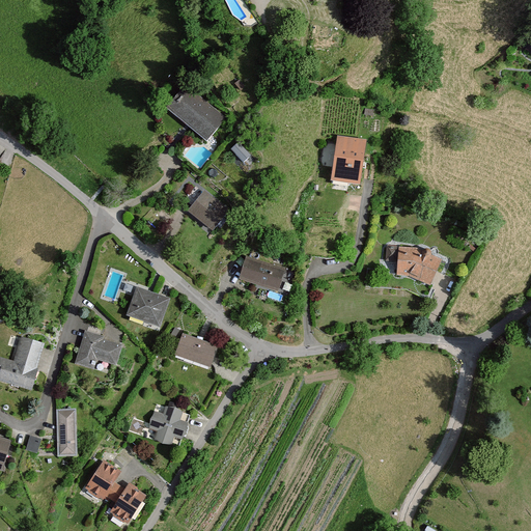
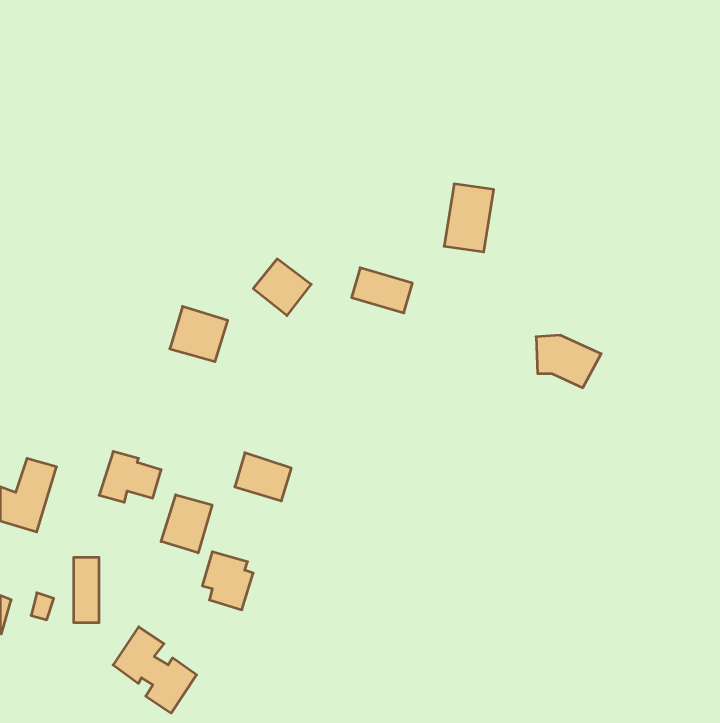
building: [167,83,227,140] -> none
building: [239,257,283,290] -> [352,268,412,313]
building: [127,286,169,327] -> [170,306,228,362]
building: none -> [161,495,212,553]

